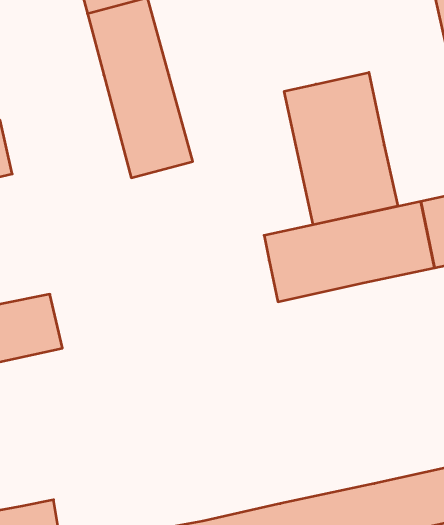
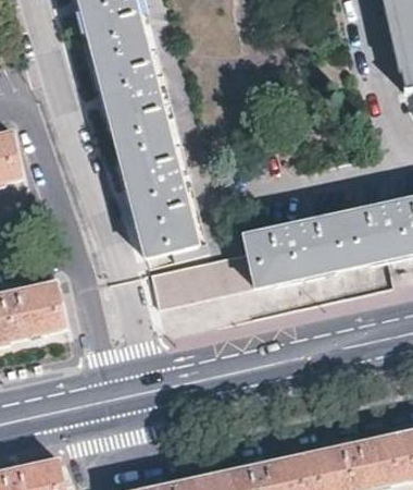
building: [284,72,398,225] -> none
building: none -> [126,167,208,261]
building: none -> [155,253,253,308]

